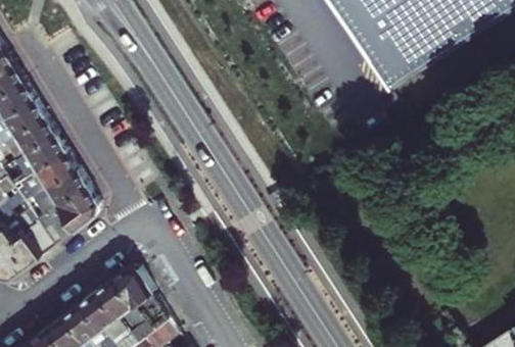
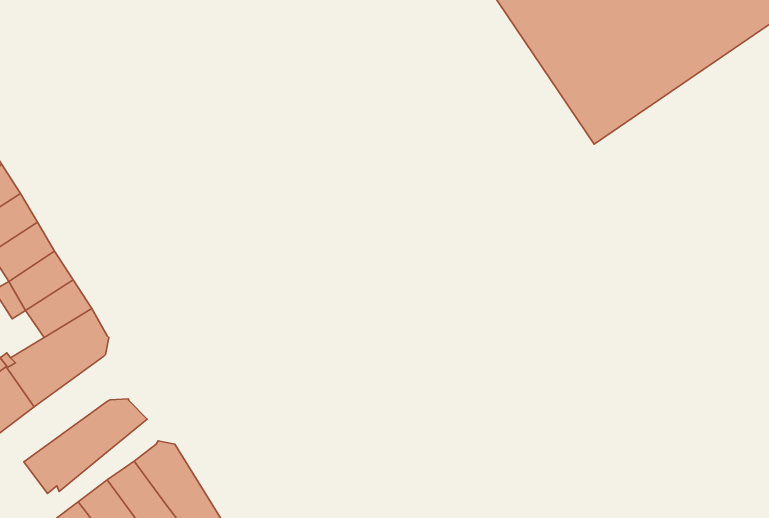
building: none -> [24,399,147,493]

